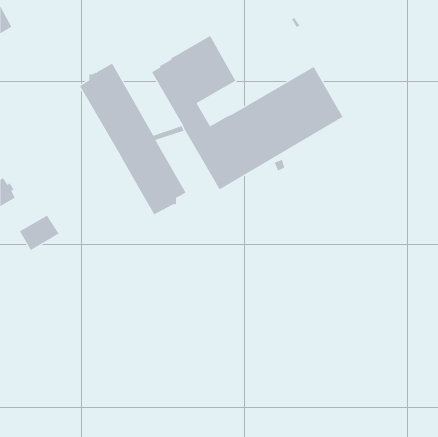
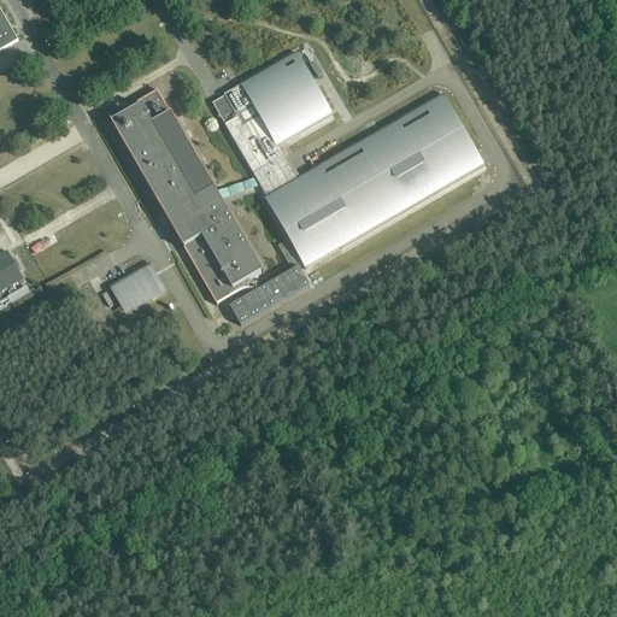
building: none -> [231,240,311,324]
building: [19,215,60,251] -> [110,264,166,315]

